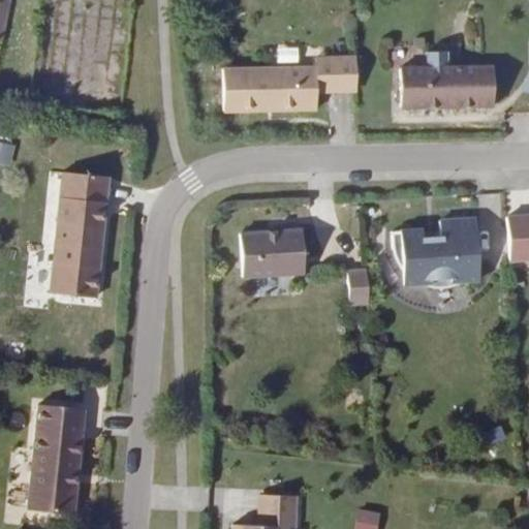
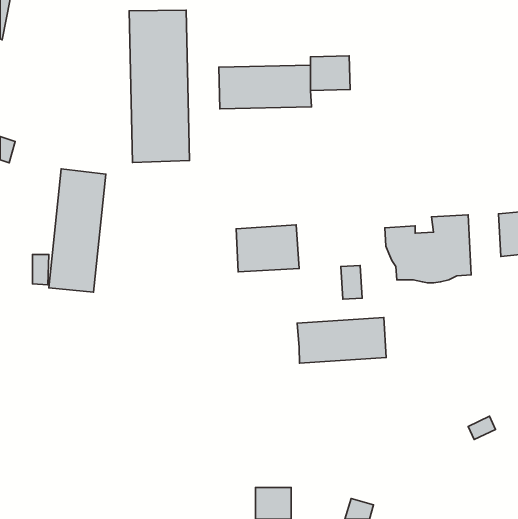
building: none -> [129,10,190,163]
building: [401,51,495,107] -> none
building: none -> [297,318,386,363]
building: [29,404,86,514] -> none

